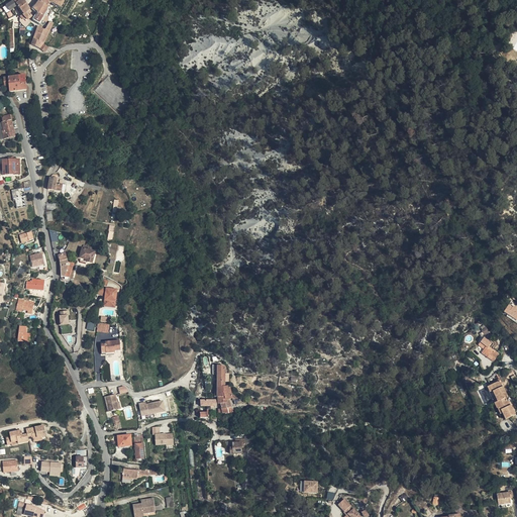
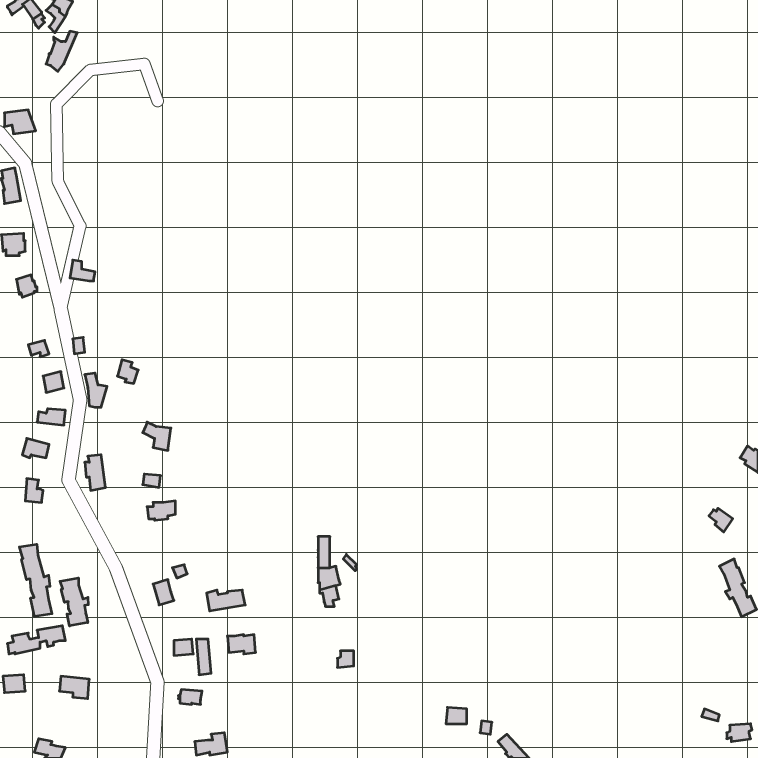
building: none -> [19,544,52,616]
building: none -> [60,578,88,626]

